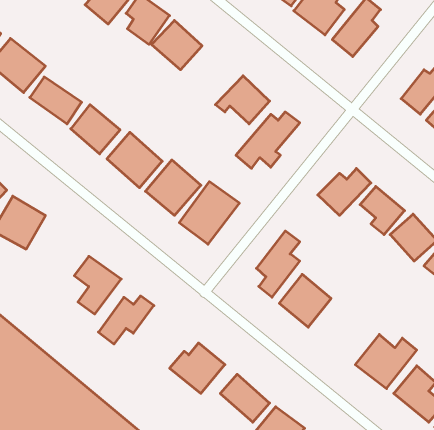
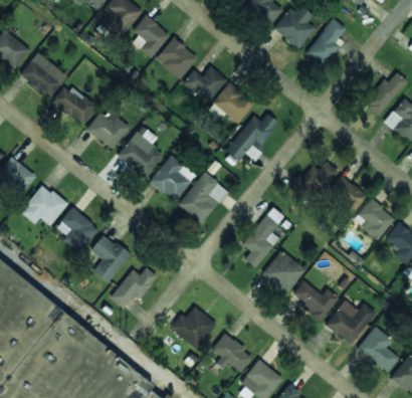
building: none -> [184,65,226,102]
building: none -> [54,207,98,251]
building: none -> [290,280,339,321]

